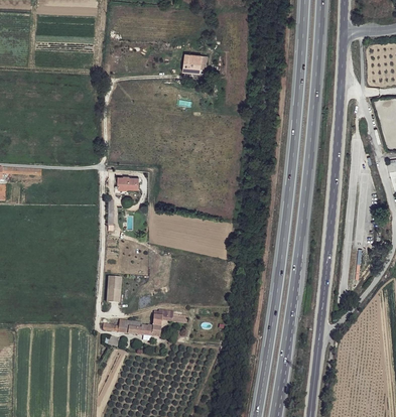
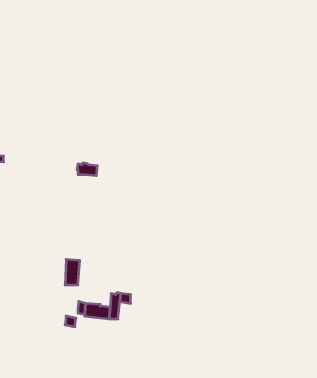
building: [182,53,207,74] -> none

